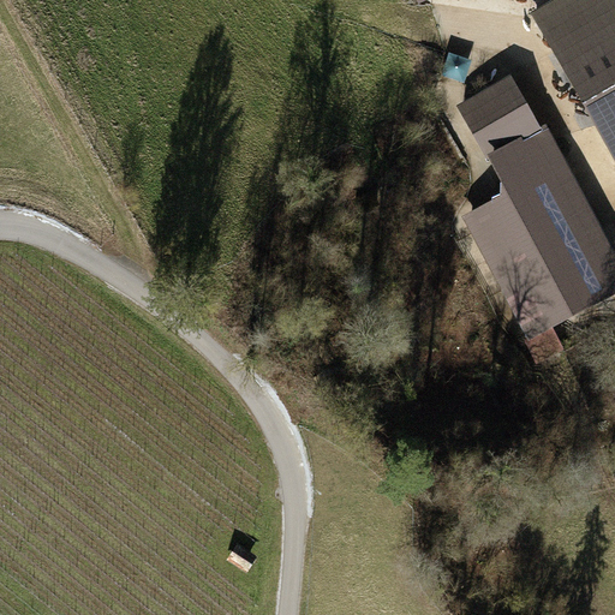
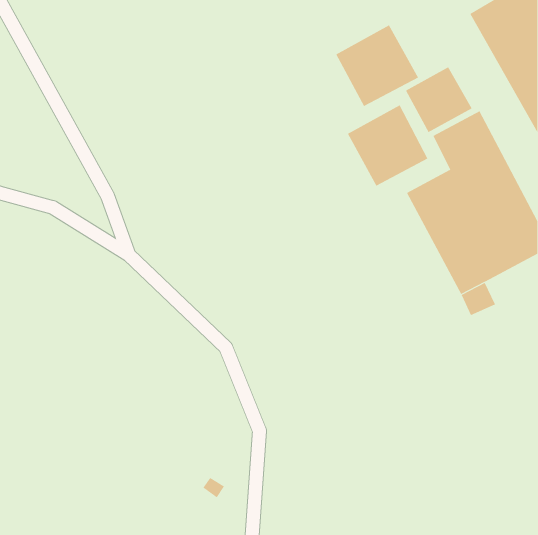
building: none -> [335,25,419,107]
building: none -> [347,105,428,187]

